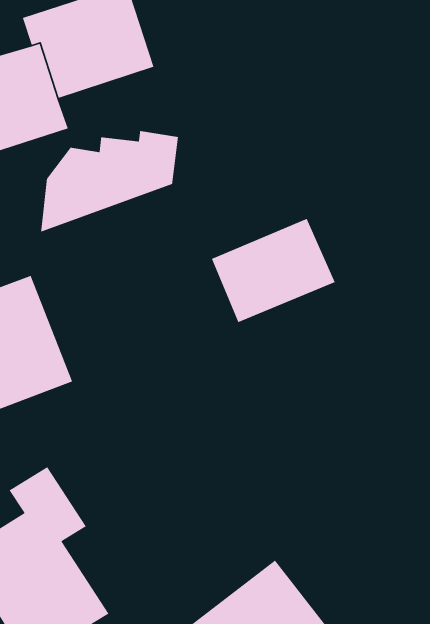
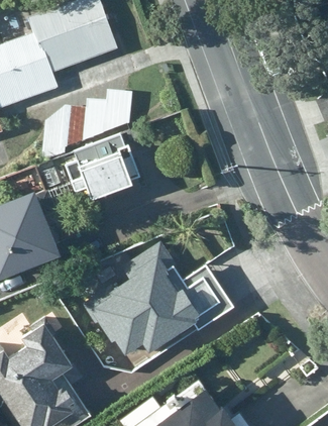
building: [211,218,336,323] -> [61,134,144,205]
building: none -> [96,250,235,359]

